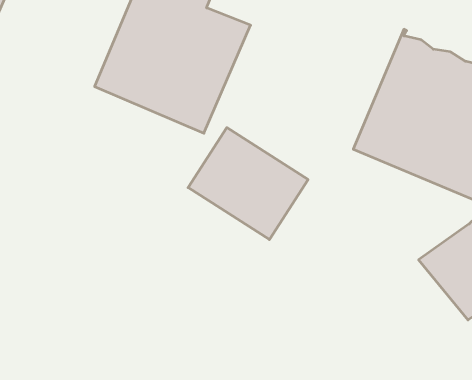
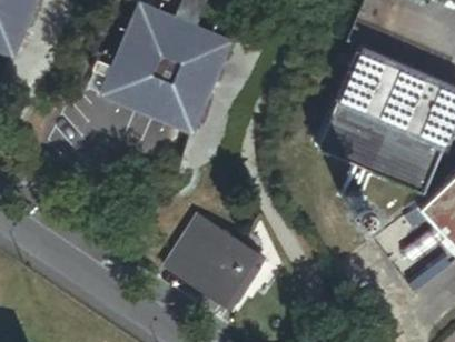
building: [188,128,308,240] -> [165,217,265,310]

